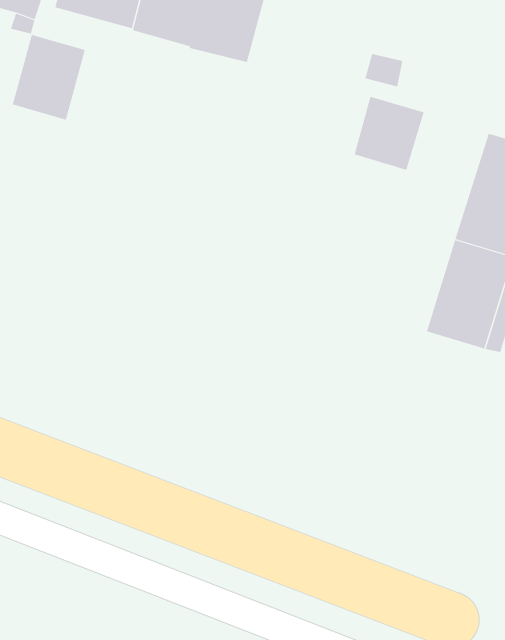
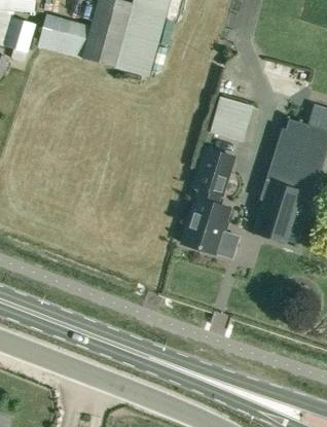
building: [12,34,85,120] -> none
building: none -> [182,146,234,252]

